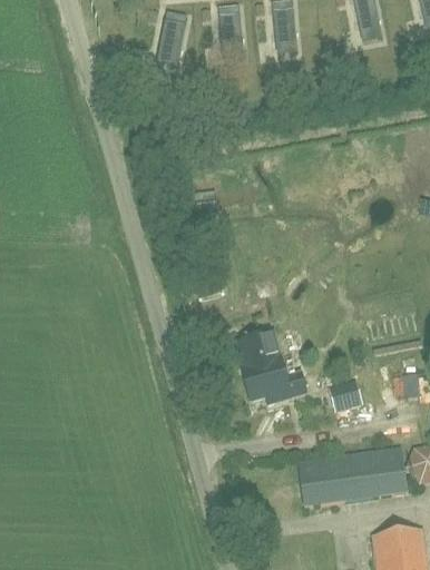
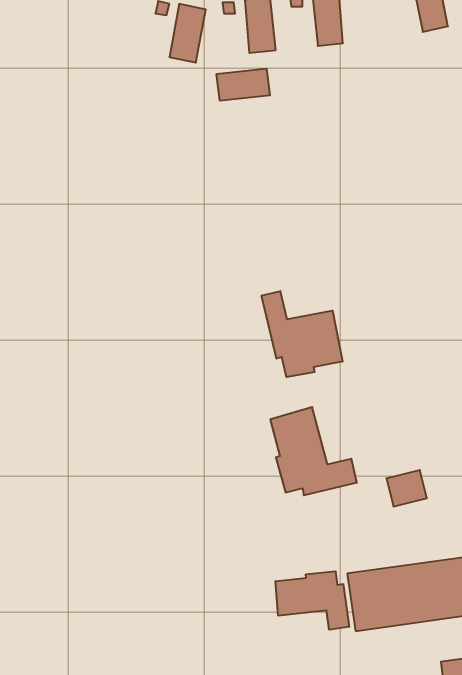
building: none -> [217,69,270,101]
building: none -> [262,291,343,377]
building: none -> [276,571,349,630]

